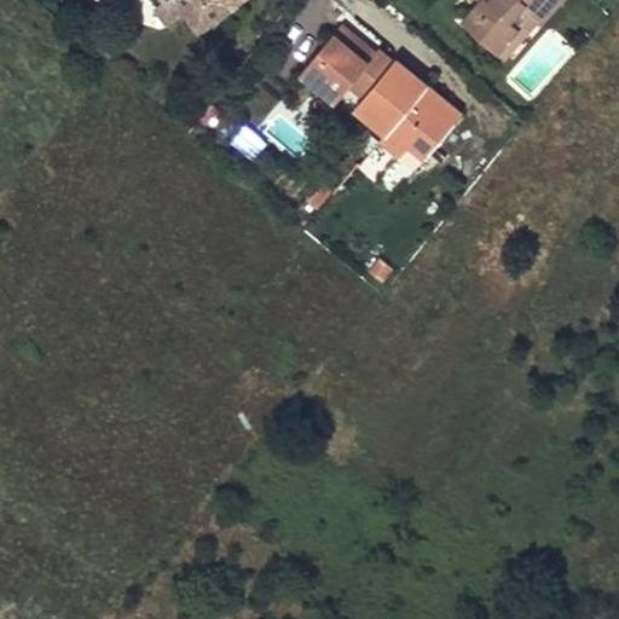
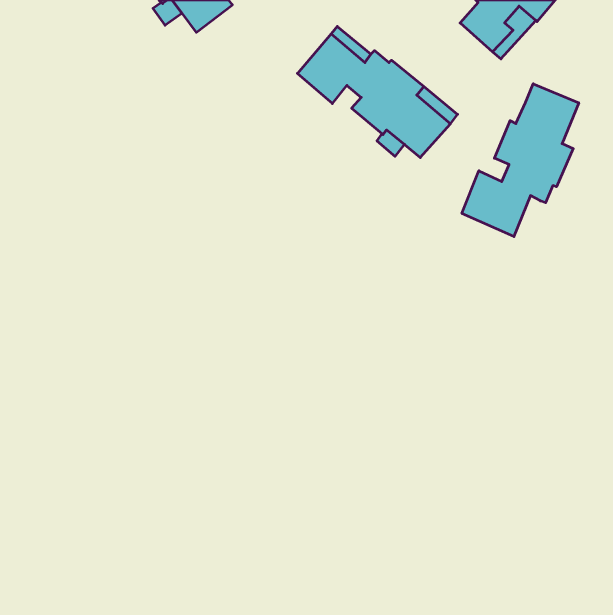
building: none -> [462,84,579,237]

